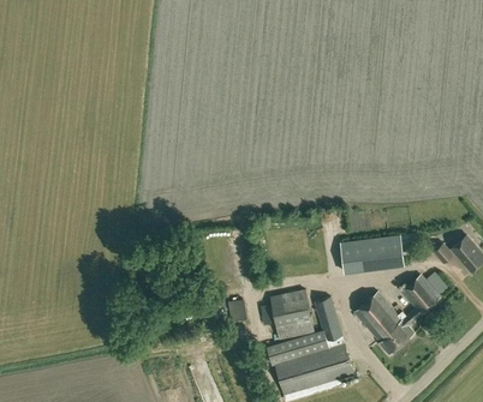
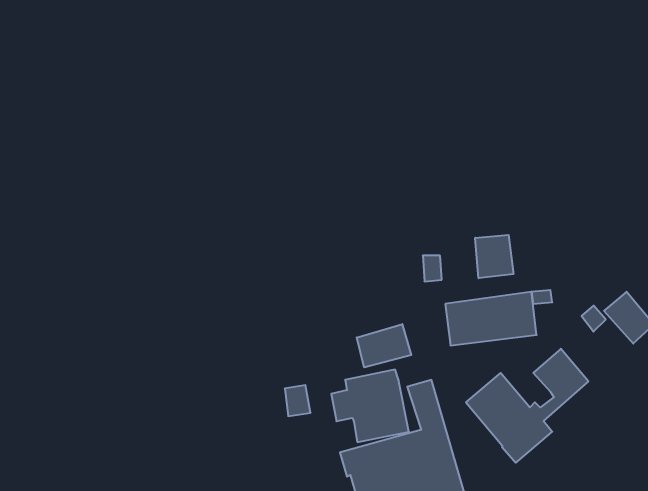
building: none -> [475,235,513,278]
building: none -> [357,324,411,367]

